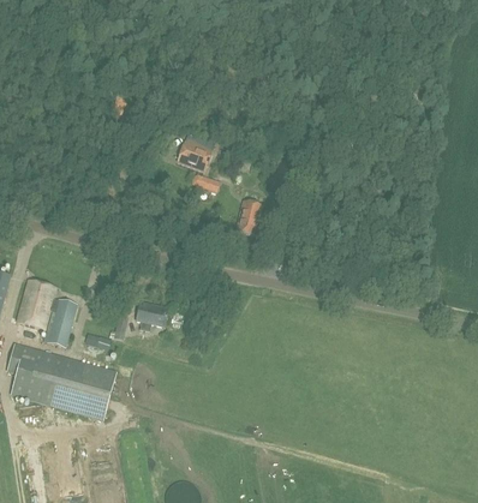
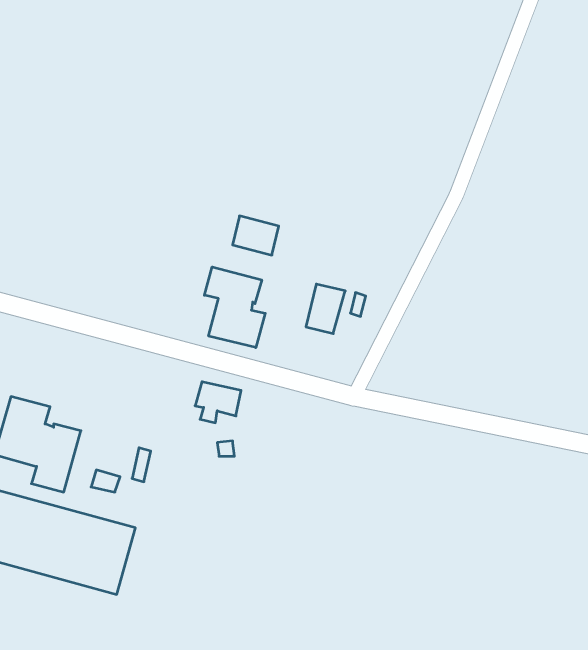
building: none -> [204,267,265,348]
building: [135,303,167,331] -> [195,382,241,423]

